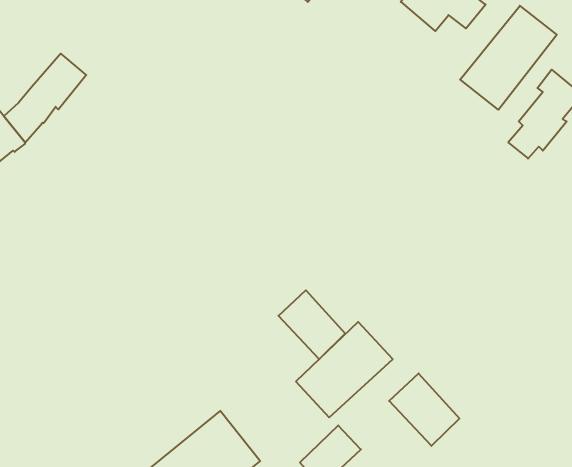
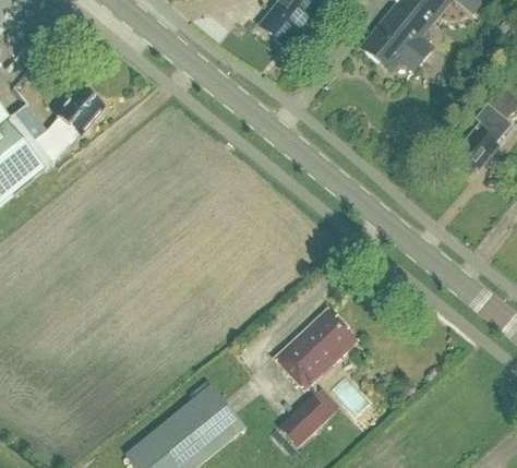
building: [460,6,557,110] -> none
building: [278,290,345,359] -> none
building: [389,373,459,446] -> none

